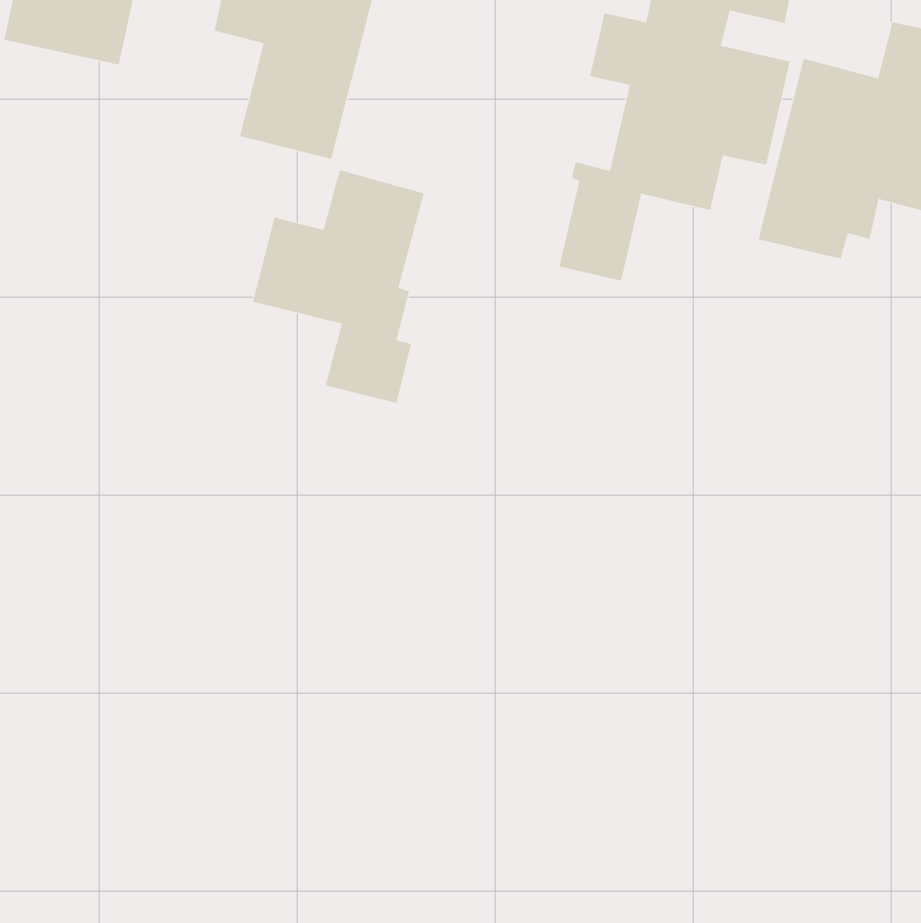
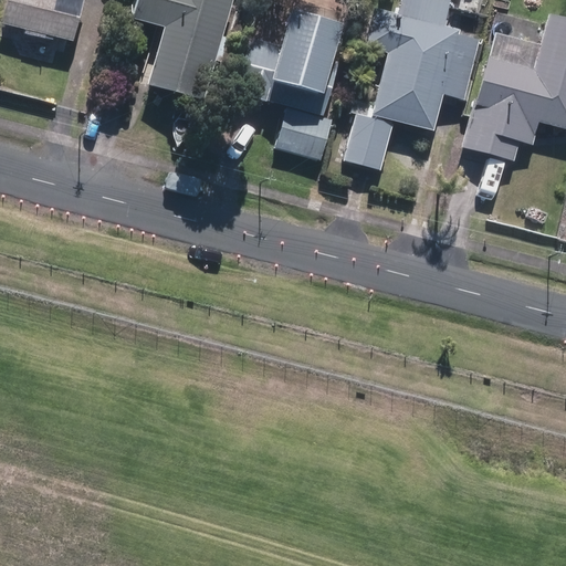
building: [252,170,424,404] -> [235,10,340,153]

